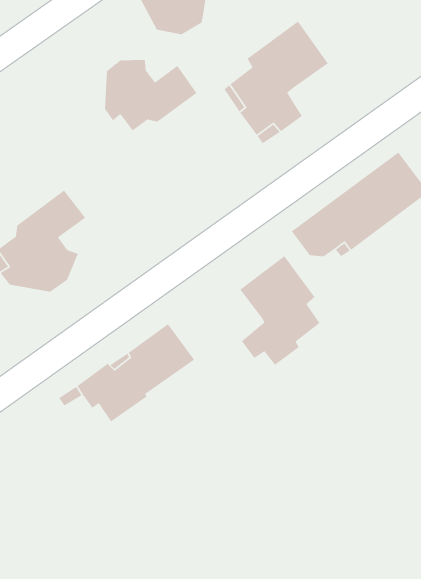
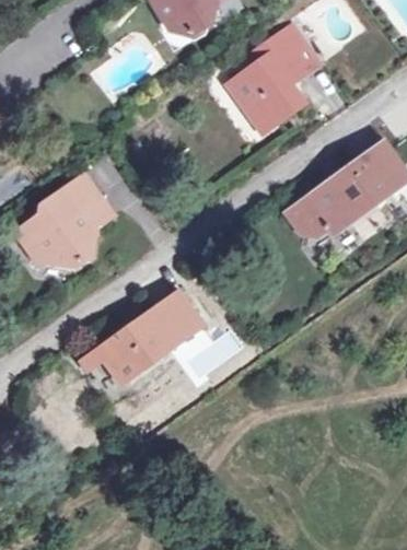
building: [104,59,197,131] -> none
building: [239,255,320,366] -> none

